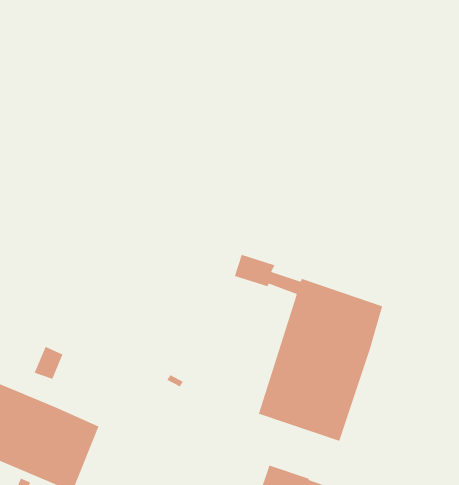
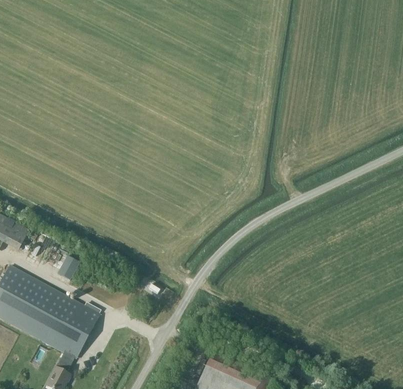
building: [234,254,383,442] -> none

